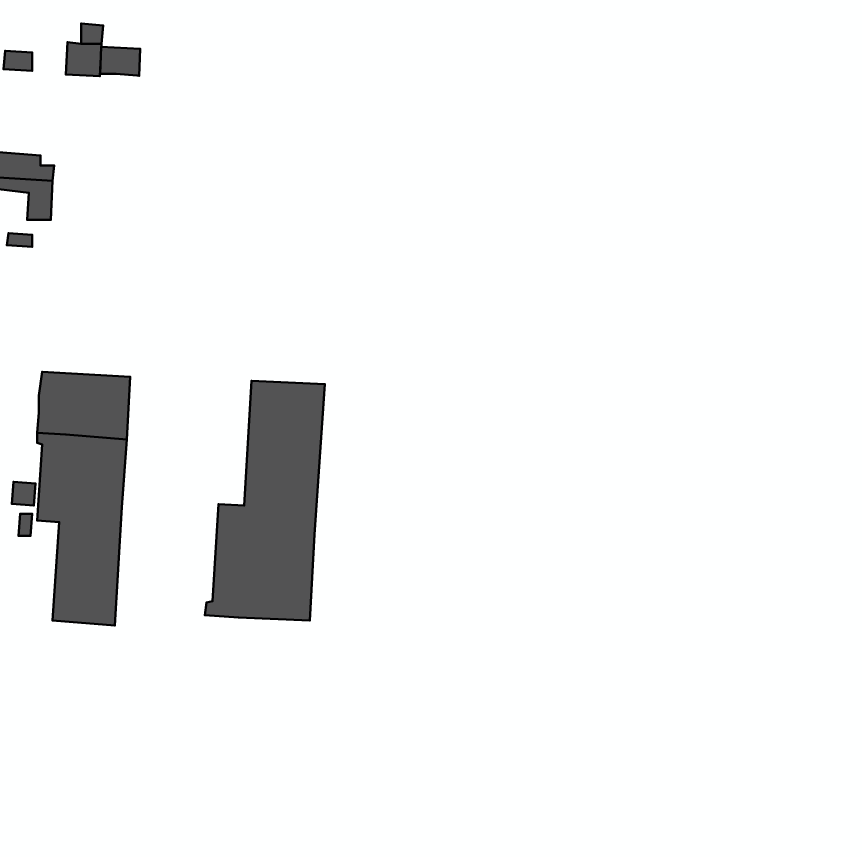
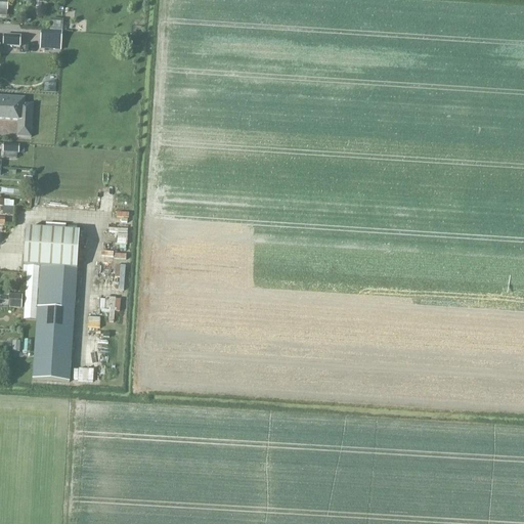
building: [100,47,140,76] -> none
building: [205,381,325,620] -> none

